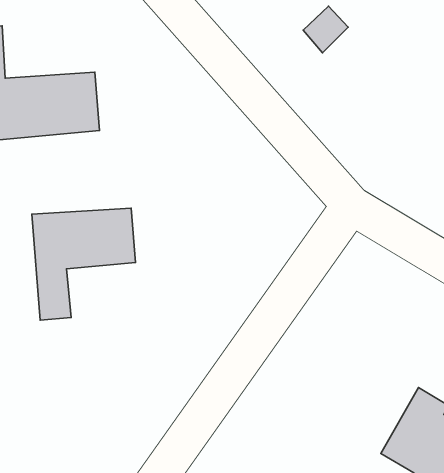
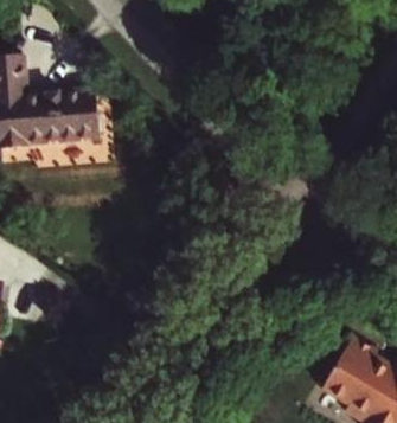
building: [32,208,135,320] -> none

